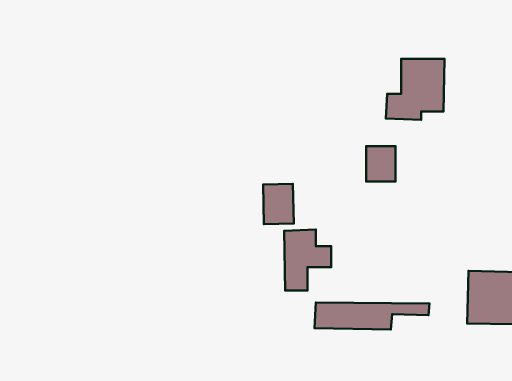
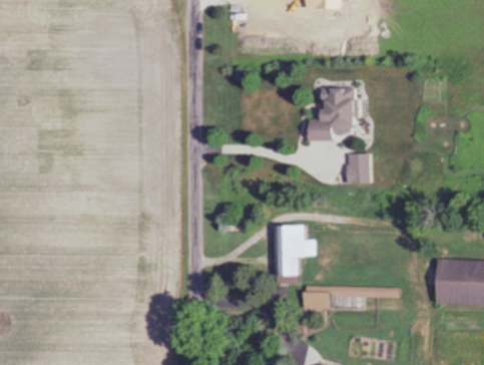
building: [386,59,445,120] -> [306,88,356,140]
building: [263,184,294,224] -> none

